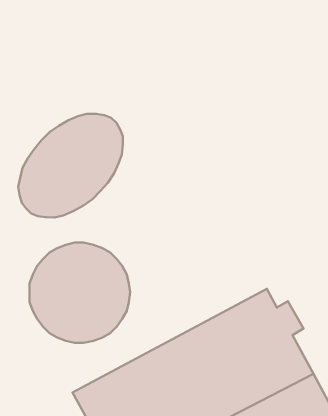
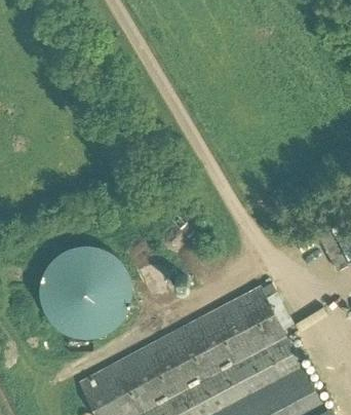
building: [18,114,123,217] -> none

